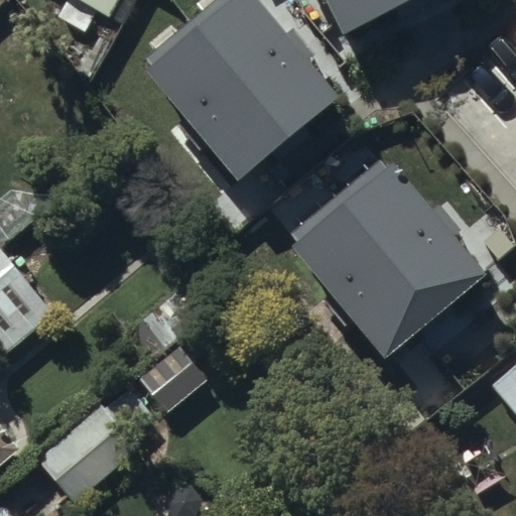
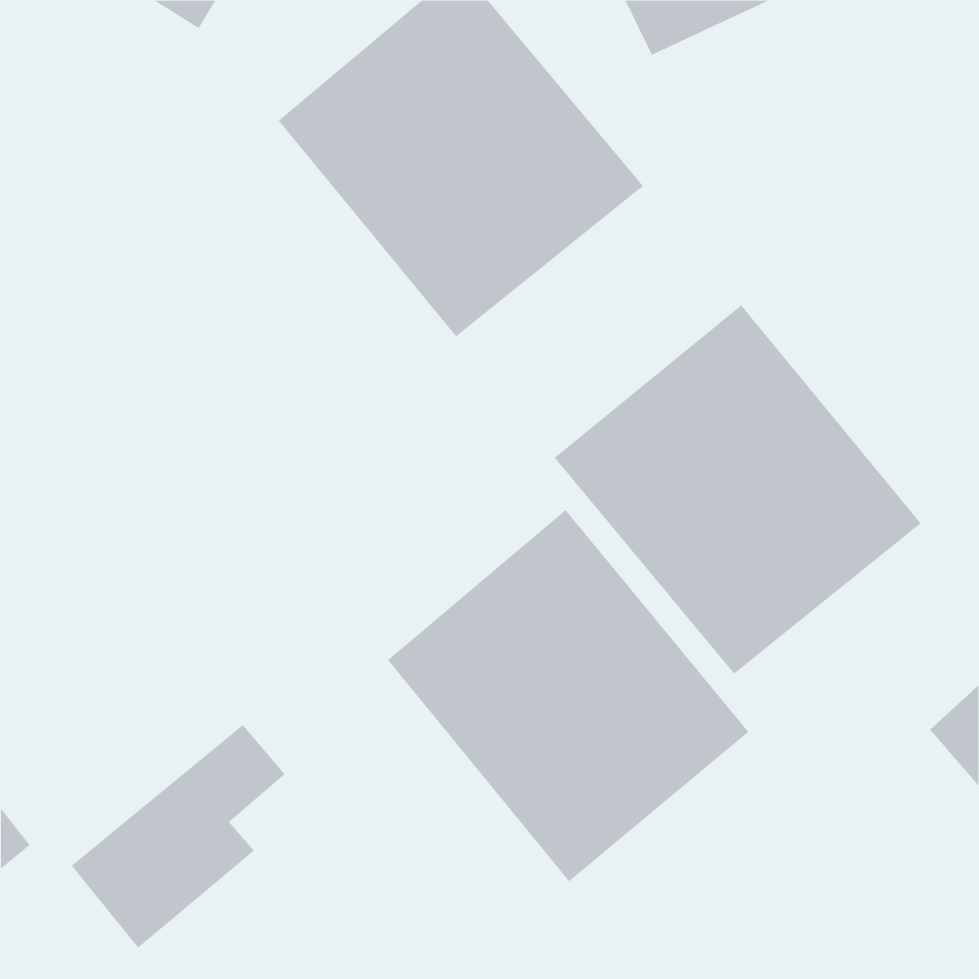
building: none -> [387,509,749,882]

